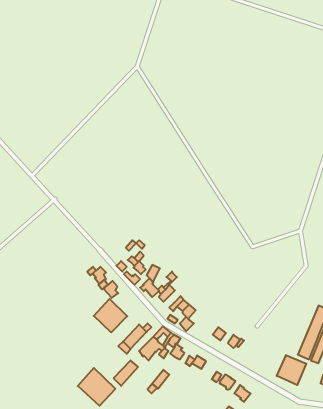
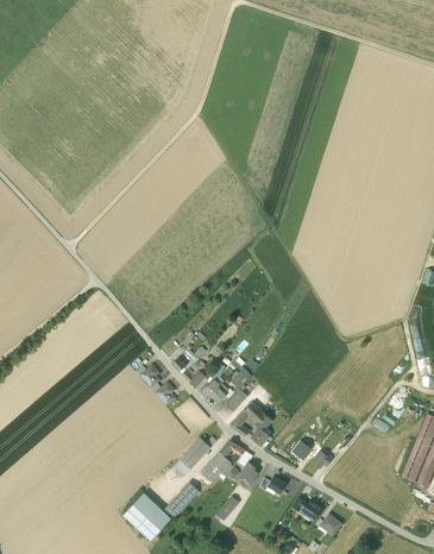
building: [94,299,127,332] -> none
building: [277,355,306,385] -> none

